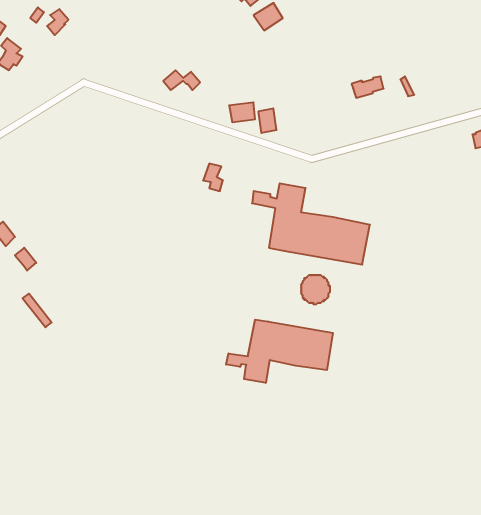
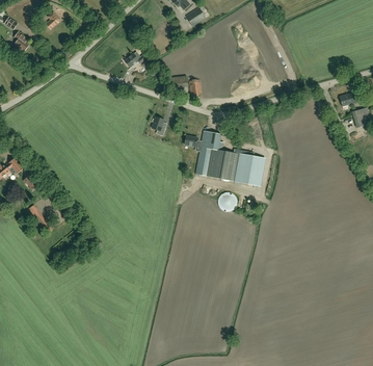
building: [226,320,333,383] -> none

